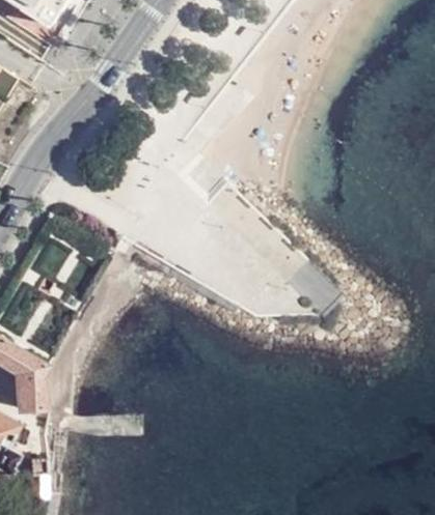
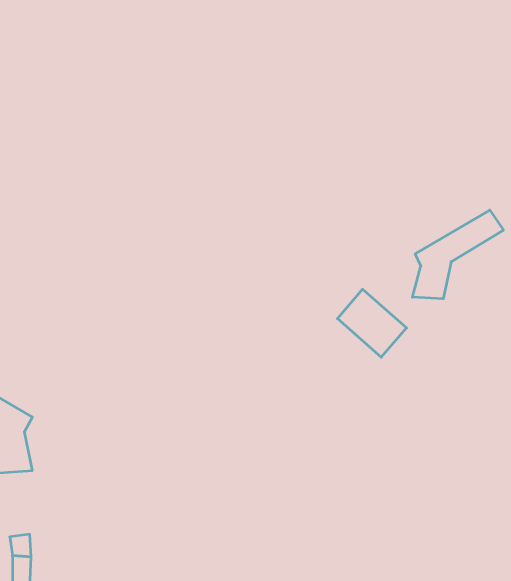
building: none -> [412,210,503,299]

